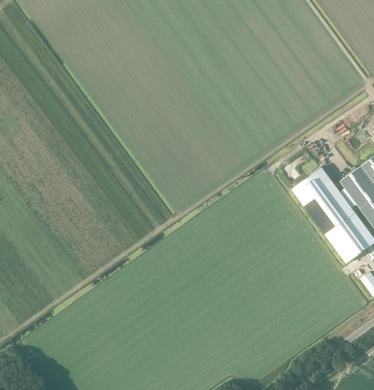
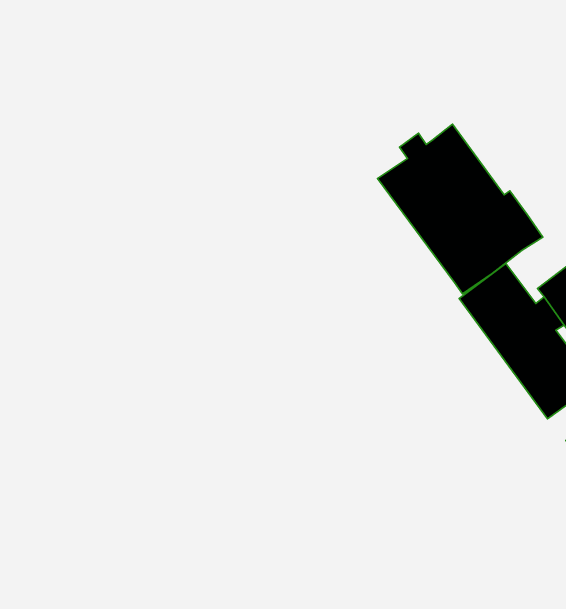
building: none -> [378,124,543,294]

